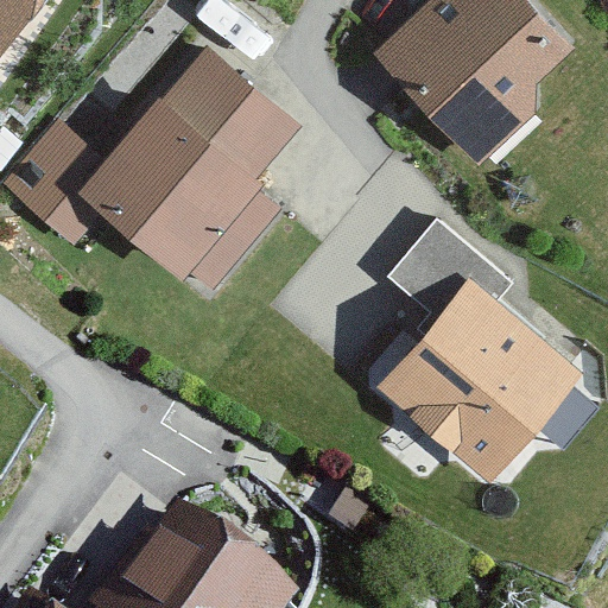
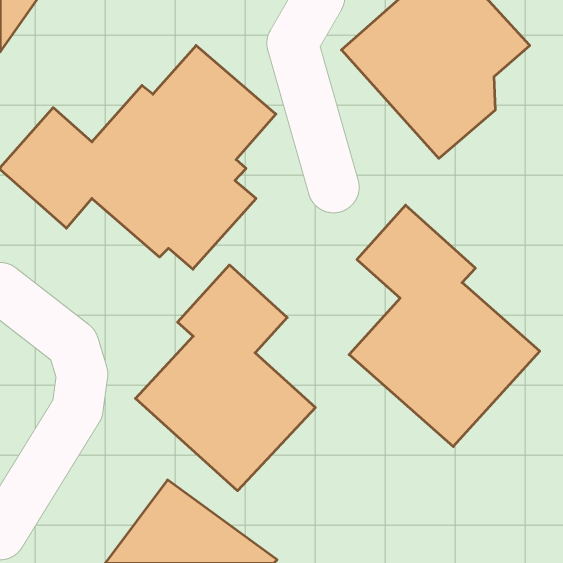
building: none -> [135,265,315,491]

